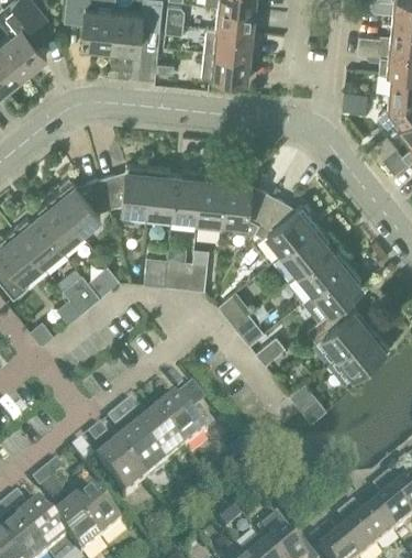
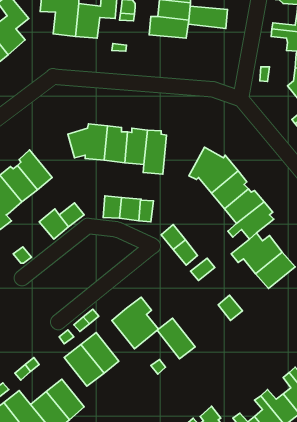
building: [200,53,249,81] -> [189,6,227,29]
building: [220,176,272,234] -> none
building: [51,179,108,234] -> none
building: [135,416,183,468] -> [157,318,195,359]

